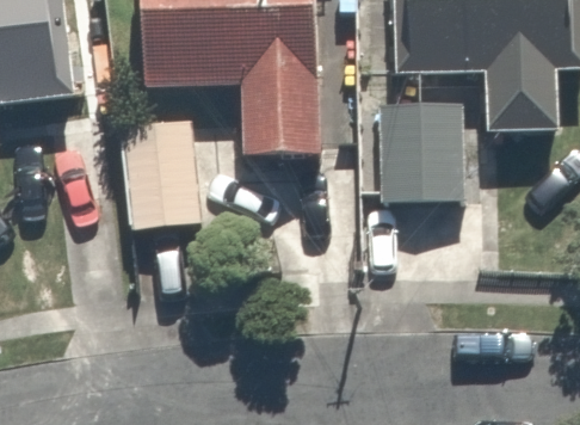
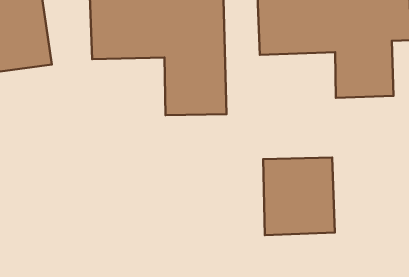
building: [365,96,463,202] -> [263,157,335,235]
building: [115,97,208,223] -> none

